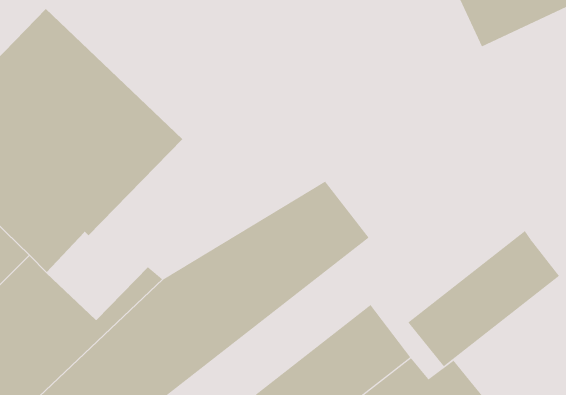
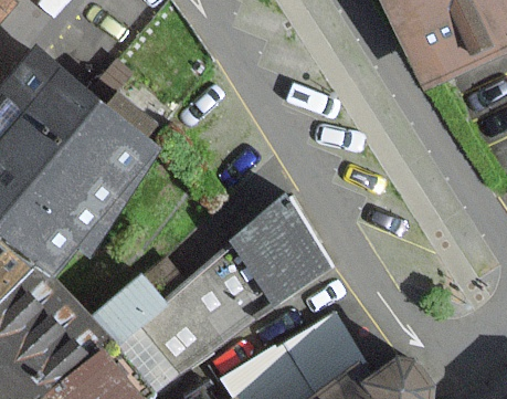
building: [408,230,560,367] -> none

